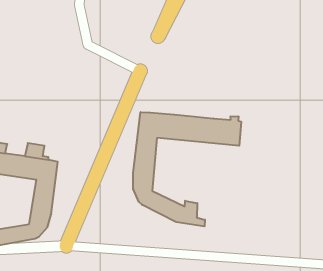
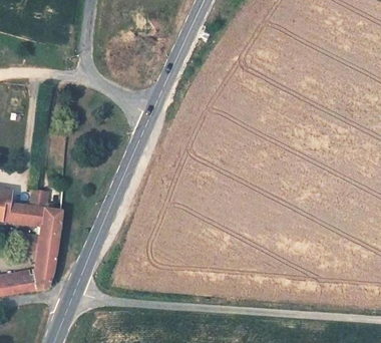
building: [133,112,241,226] -> none

